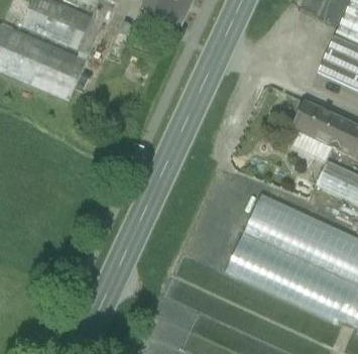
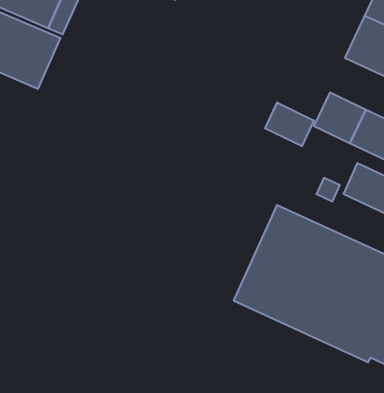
building: none -> [265,102,314,146]

